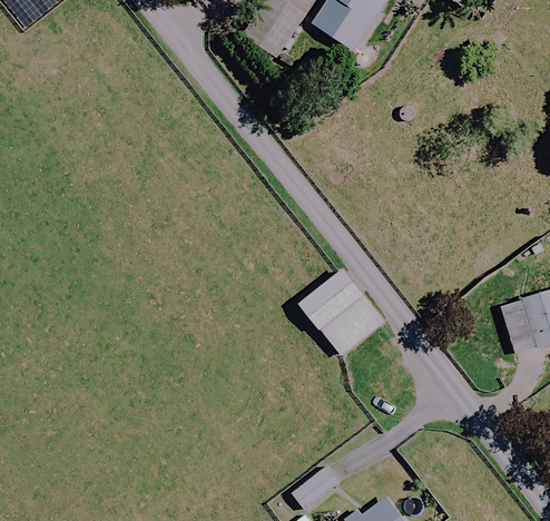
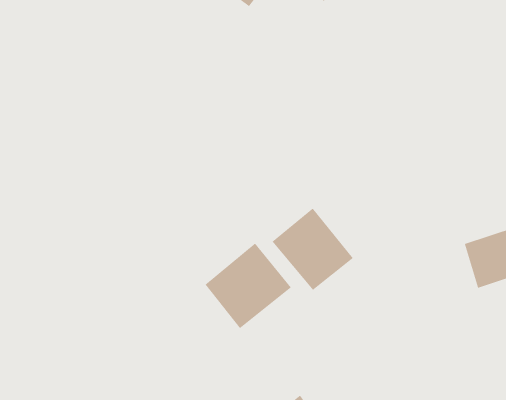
building: none -> [205,243,292,329]

